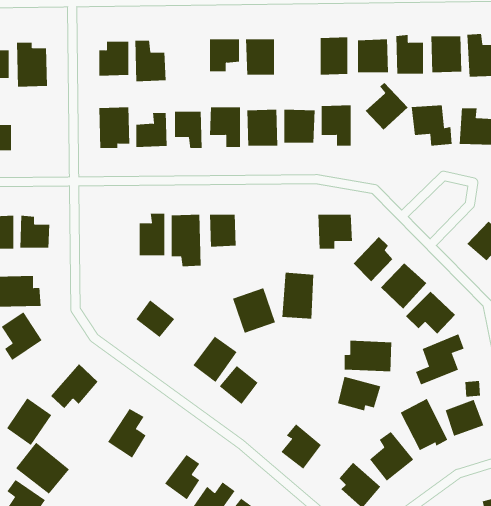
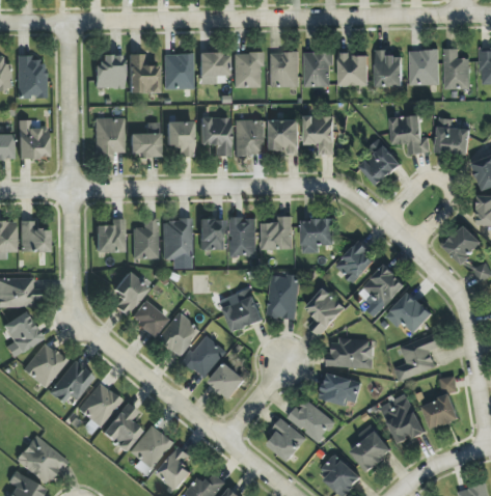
building: none -> [269,52,299,87]
building: none -> [164,53,193,89]
building: [365,82,409,130] -> [360,140,402,186]
building: none -> [18,119,48,159]
building: none -> [263,216,293,250]
building: none -> [230,217,256,256]
building: none -> [96,219,125,252]
building: none -> [113,272,147,315]
building: none -> [305,287,346,336]
building: none -> [157,312,200,357]
building: none -> [78,382,121,428]
building: [6,398,52,446] -> [23,342,66,388]
building: none -> [288,397,334,442]
building: none -> [130,424,173,476]

